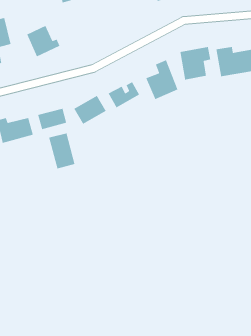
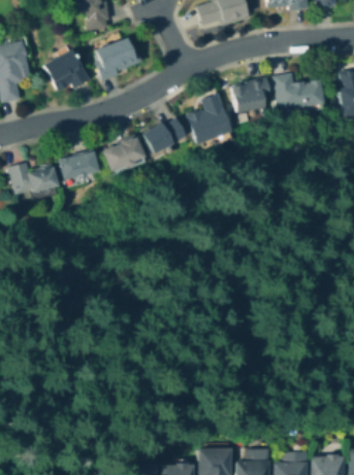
building: none -> [99,38,144,77]
building: [48,132,76,169] -> none

